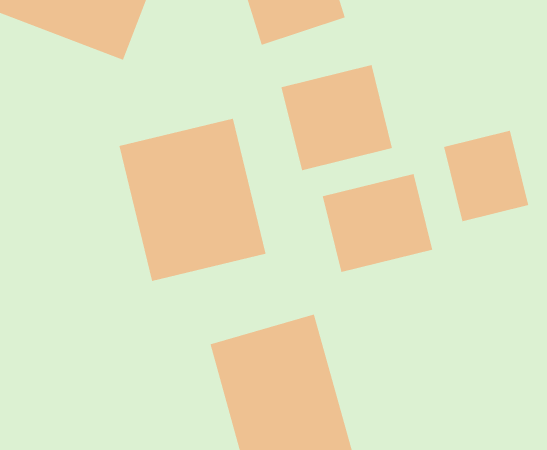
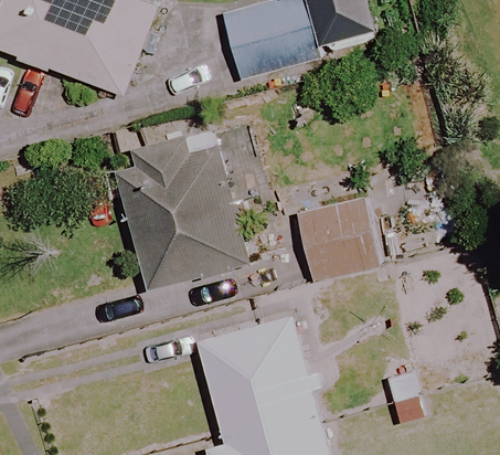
building: [281,64,393,171] -> none
building: [443,130,529,222] -> none

